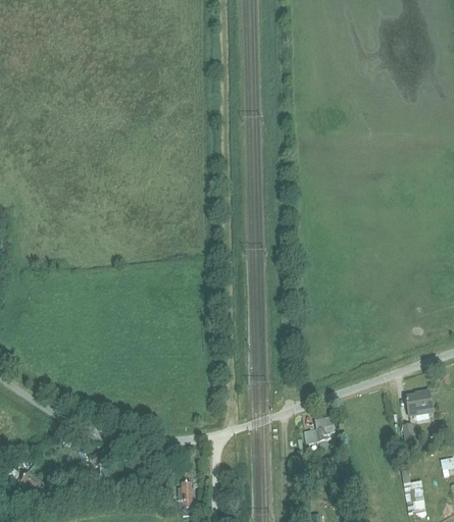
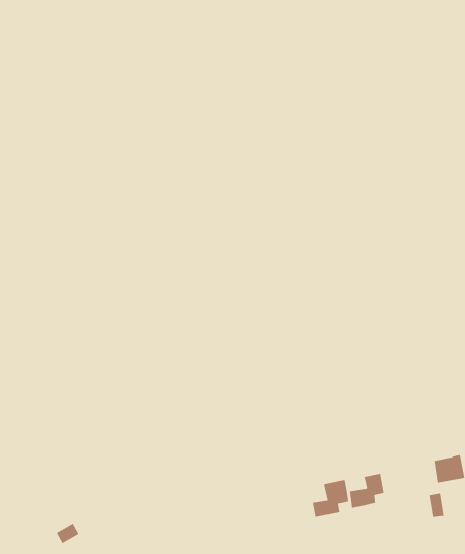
building: none -> [349,473,384,508]

